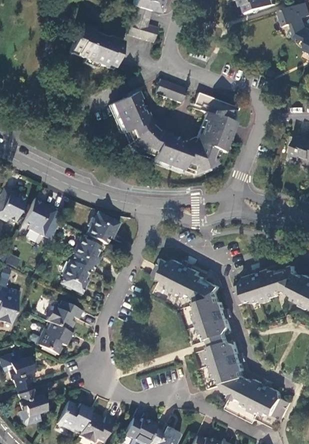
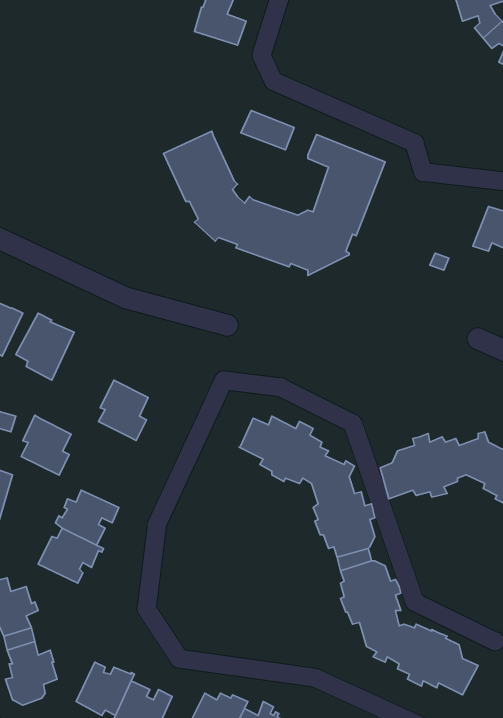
building: [68,24,123,69] -> none
building: [85,212,119,243] -> none
building: [59,258,88,293] -> [21,415,71,475]

